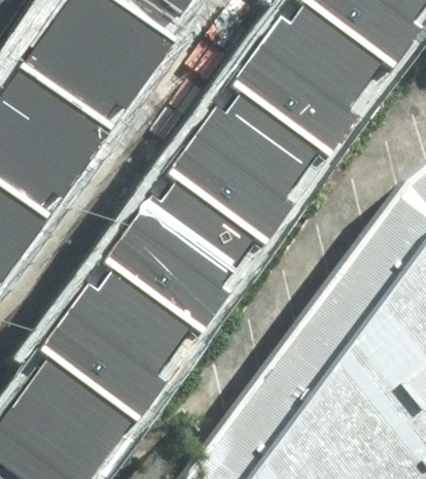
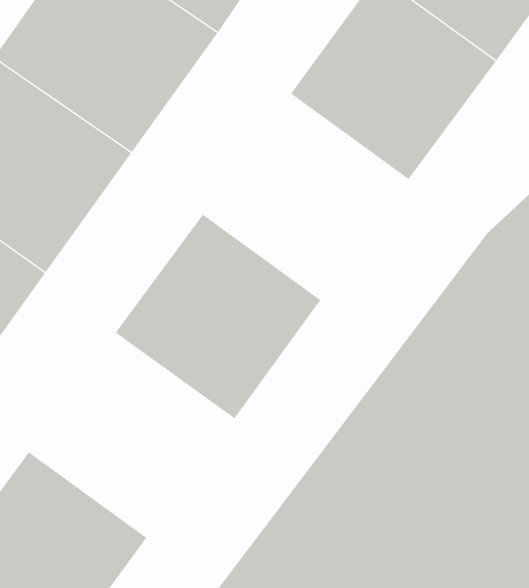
building: [174,88,331,245] -> none
building: [41,270,199,426] -> none

